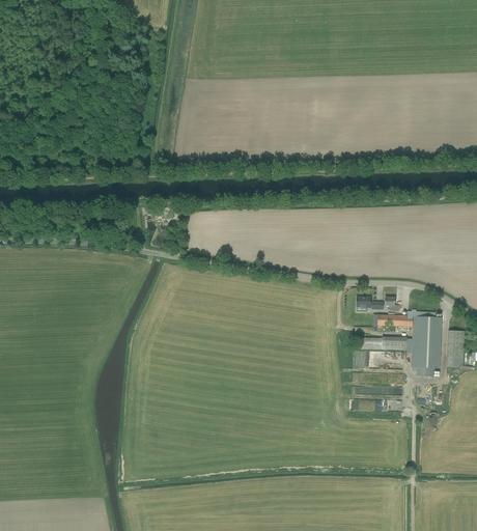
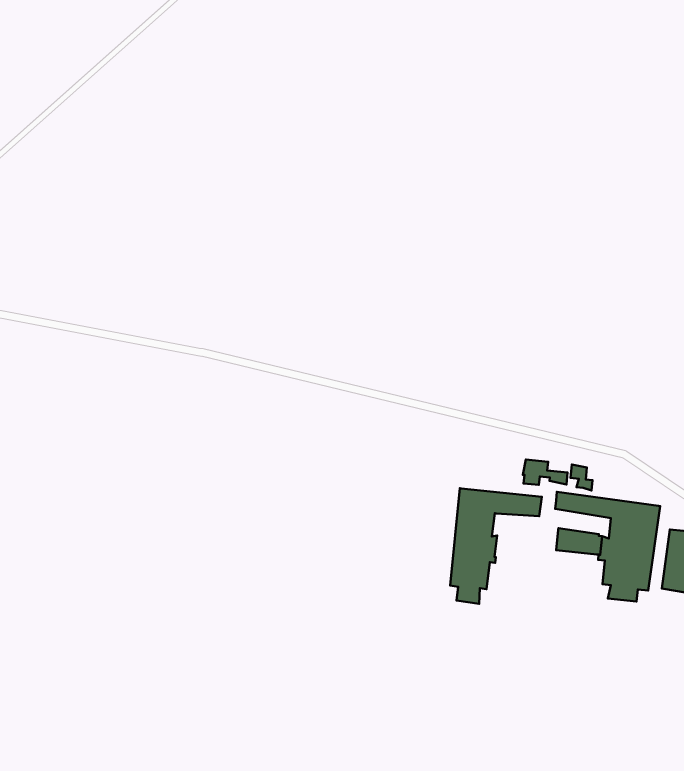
building: none -> [450,488,542,604]

